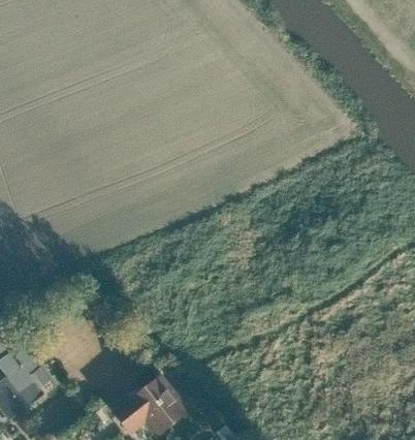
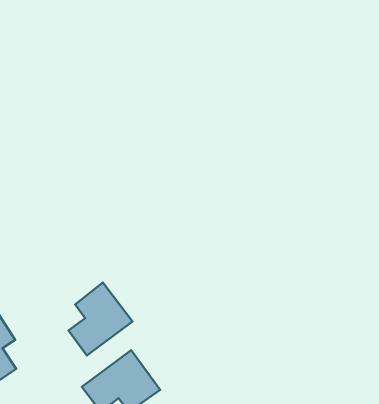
building: none -> [68,283,132,355]

